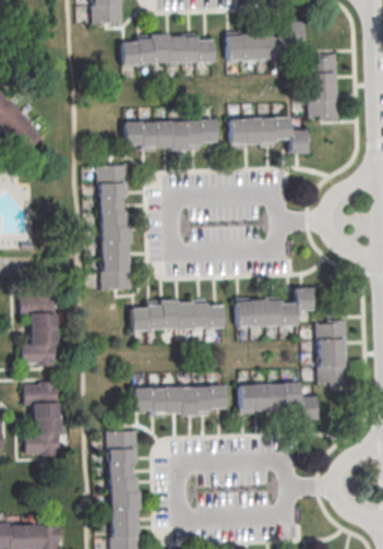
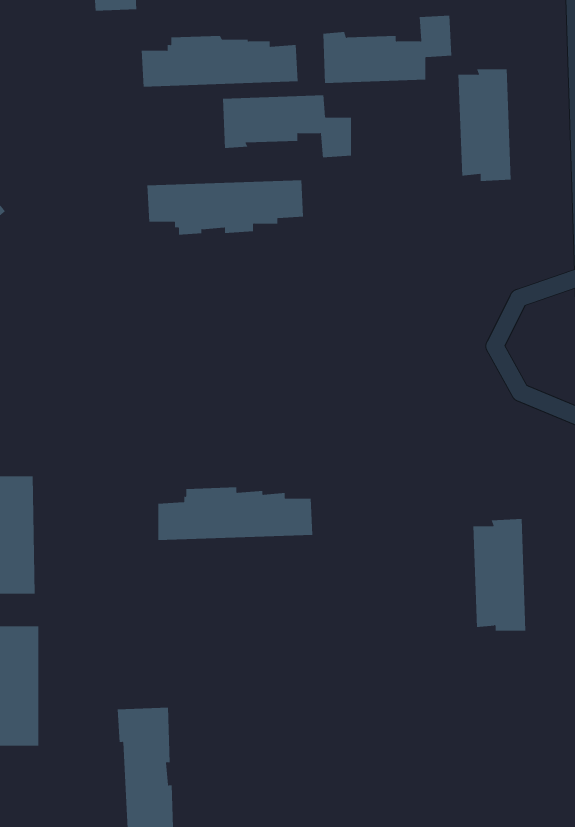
building: [229,117,306,154] -> [222,95,352,158]
building: [97,164,131,289] -> none
building: [236,288,312,327] -> none
building: [239,383,315,420] -> none
building: [132,386,225,418] -> none

